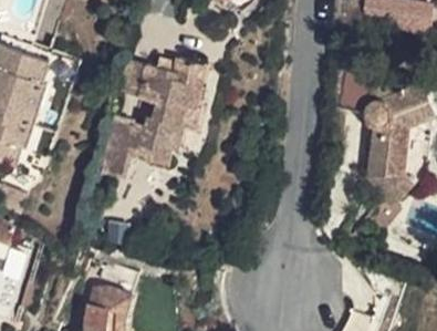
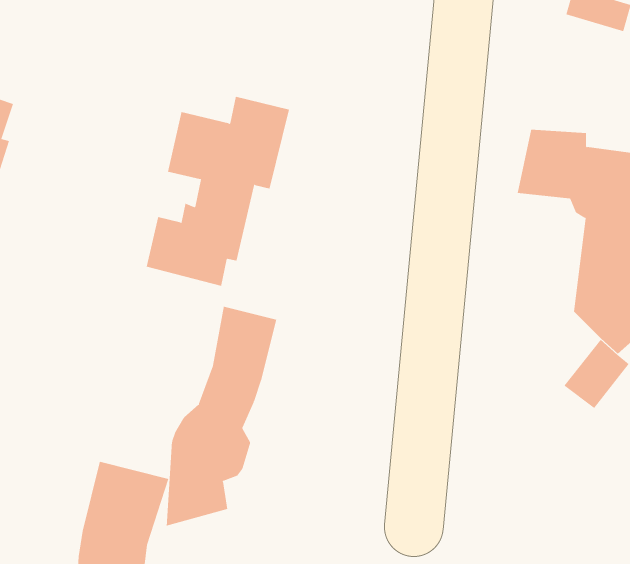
building: none -> [166,306,277,526]

